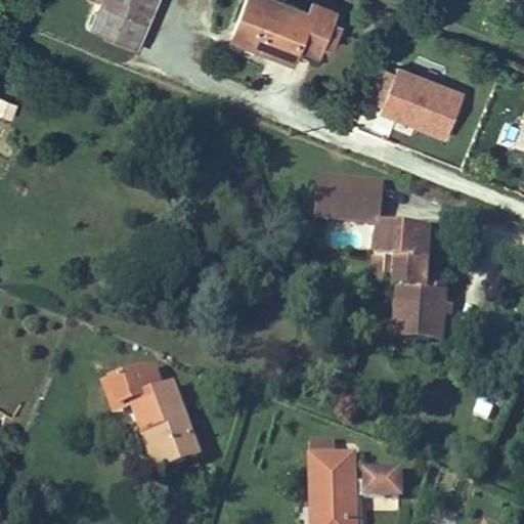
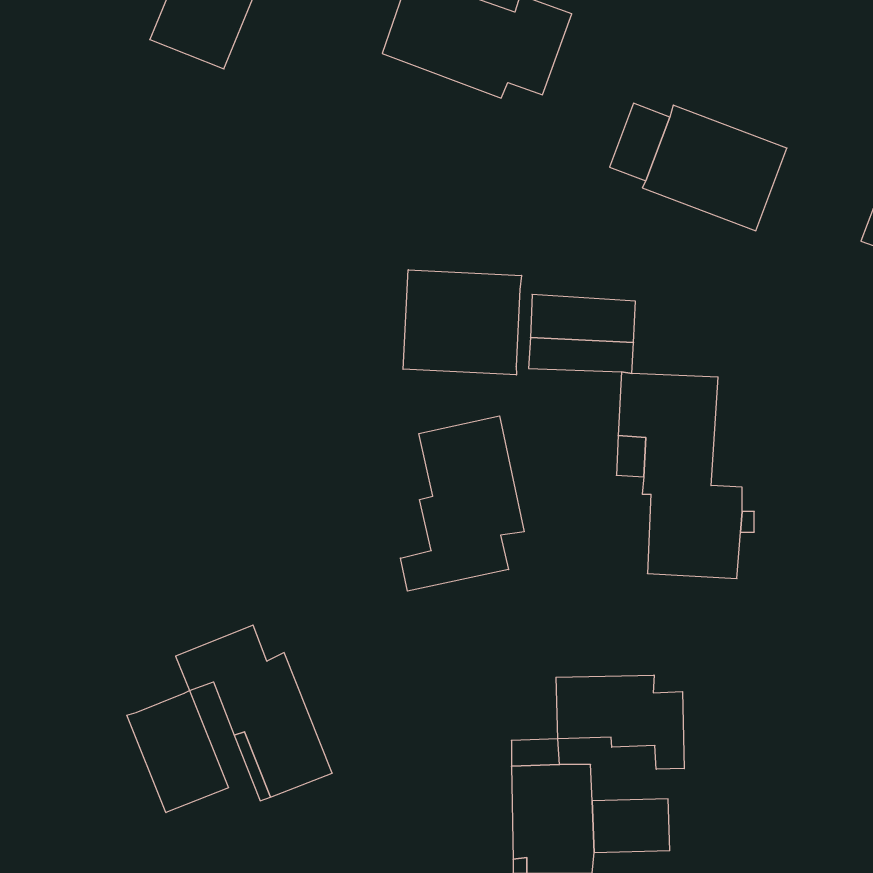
building: none -> [403,270,522,375]
building: none -> [400,416,524,591]
building: none -> [556,675,684,769]
building: none -> [127,690,228,813]

